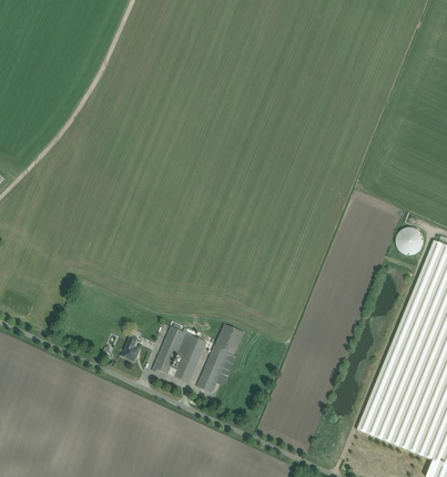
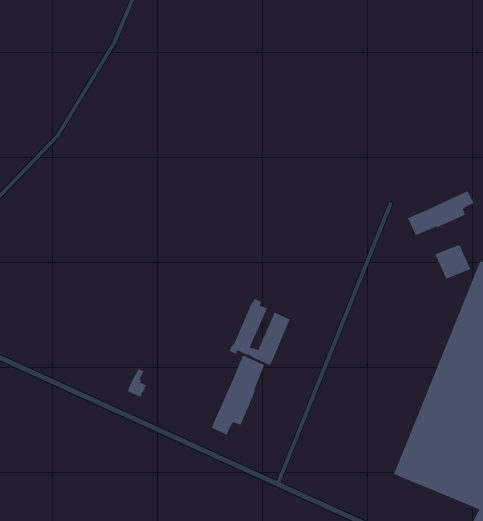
building: none -> [407,191,474,236]
building: [152,323,206,383] -> [229,298,291,366]

